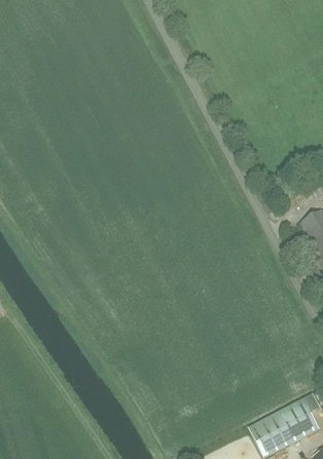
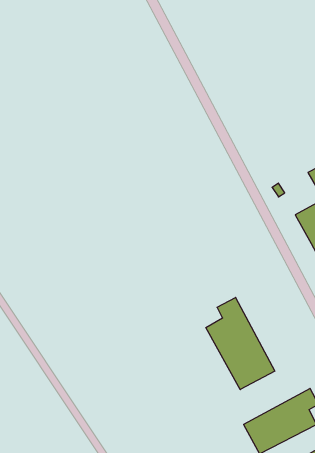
building: none -> [206,297,275,390]

